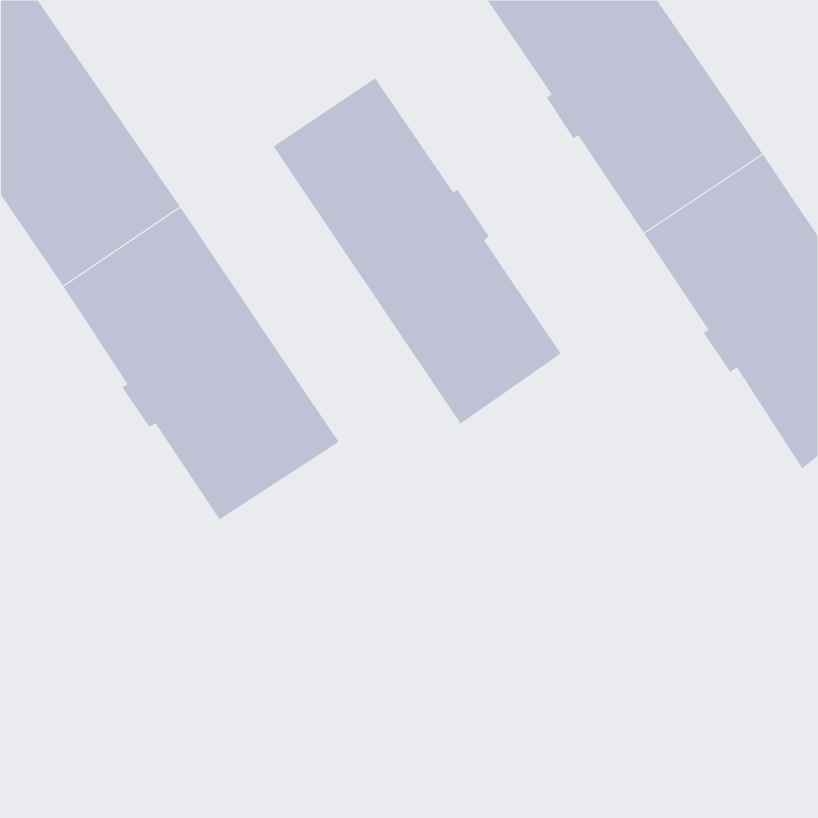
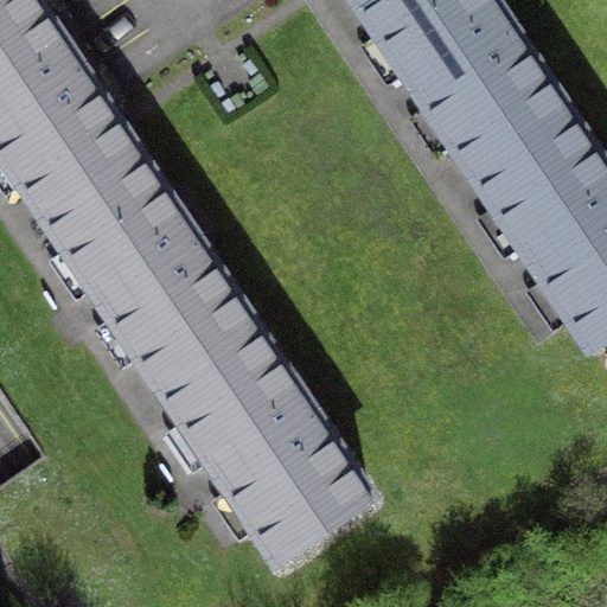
building: [273,78,562,425] -> none
building: none -> [162,327,369,560]

